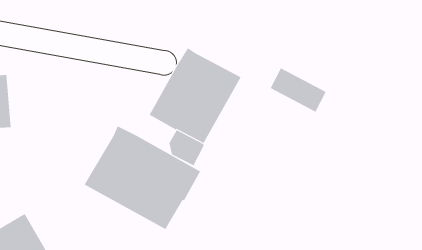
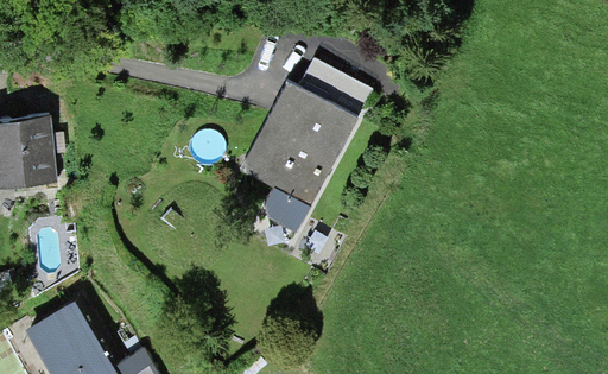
building: [270,68,326,113] -> [299,59,374,119]
building: [84,126,201,230] -> none

